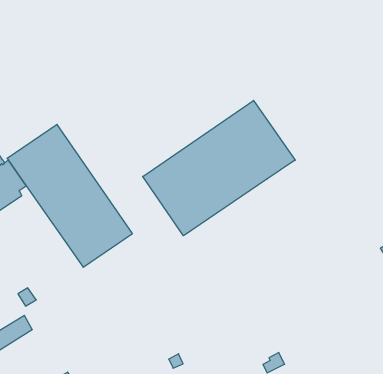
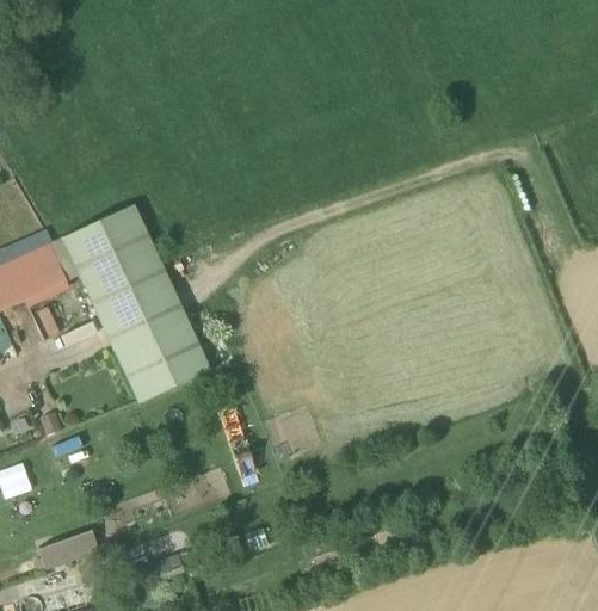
building: [143,100,295,236] -> none

